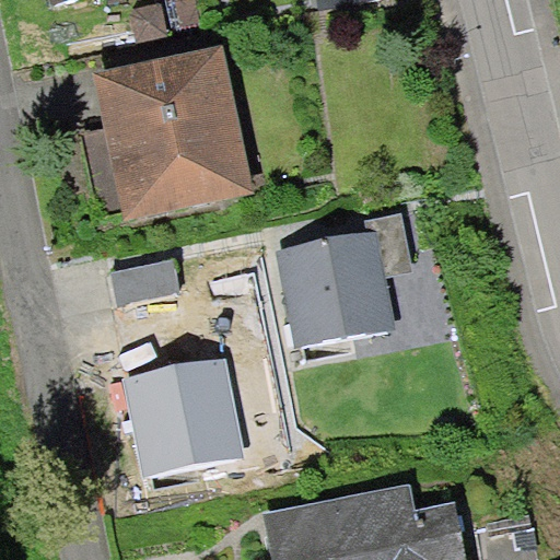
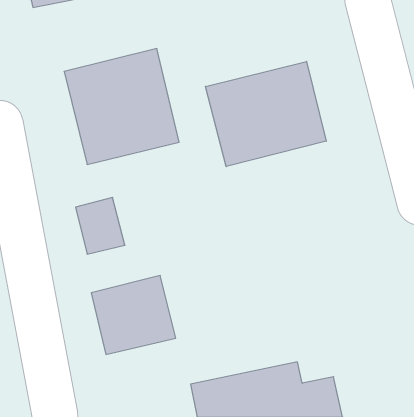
building: none -> [205,61,326,167]
building: [277,223,427,354] -> none

